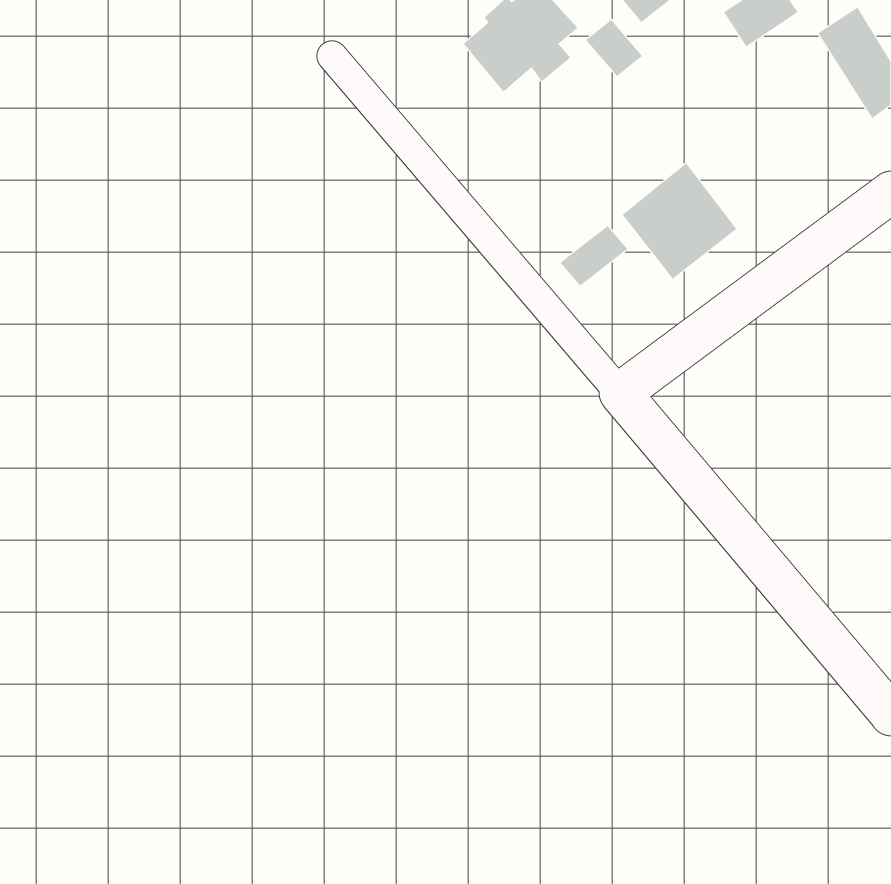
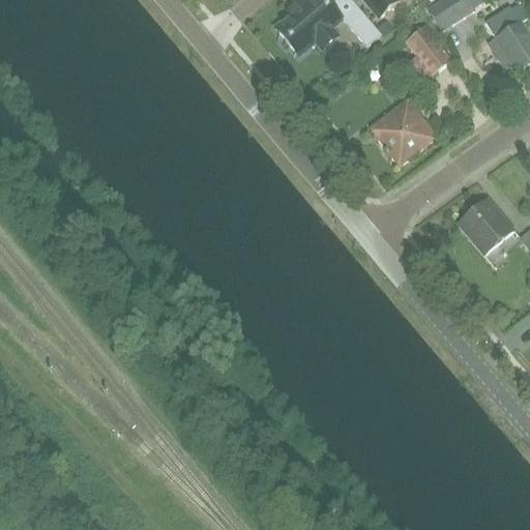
building: none -> [406,25,451,73]
building: [560,225,628,287] -> none
building: none -> [458,198,513,254]

